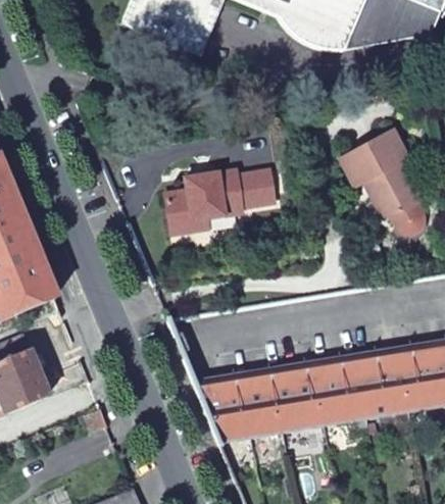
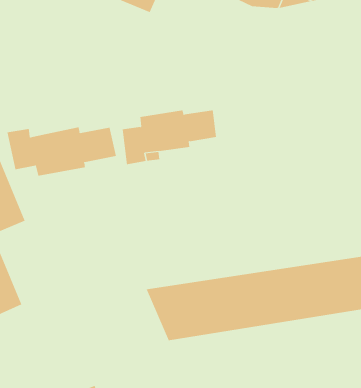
building: [343,131,428,238] -> none
building: none -> [7,127,116,176]

